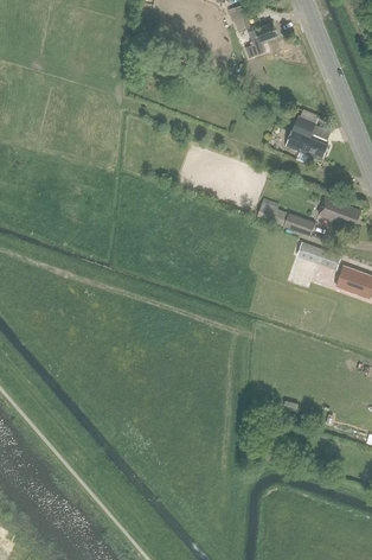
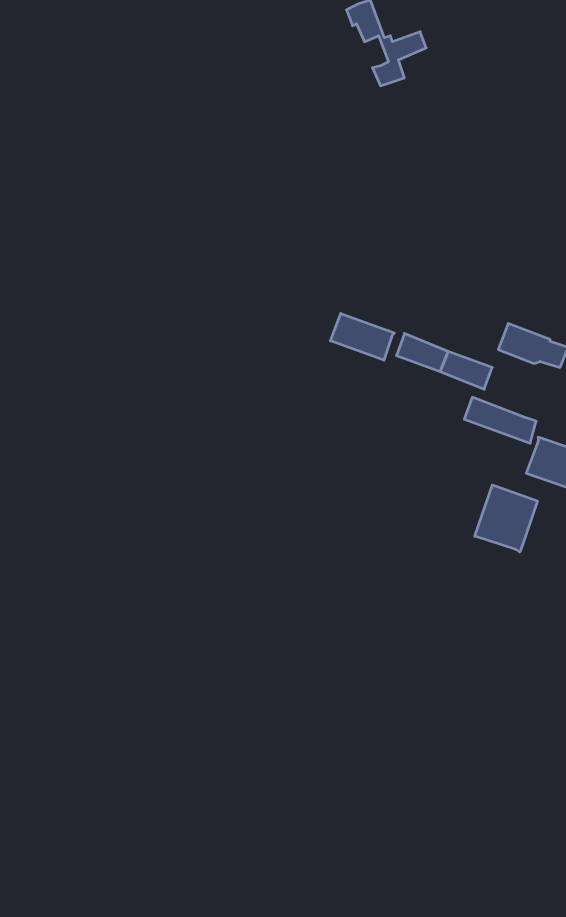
building: [286,116,327,158] -> none
building: none -> [330,313,394,360]
building: none -> [475,485,537,552]

